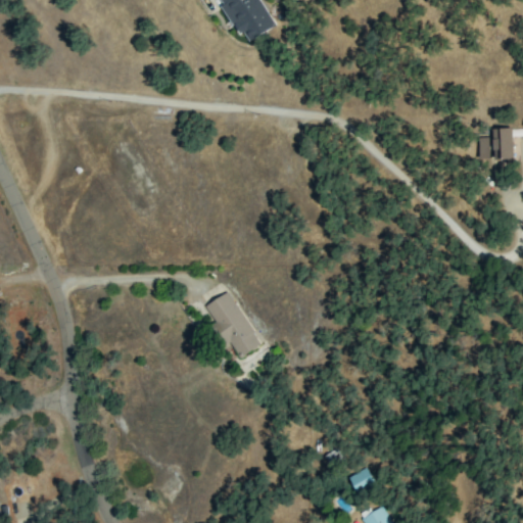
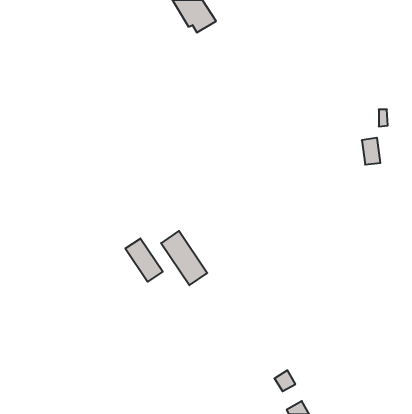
building: [492,127,516,160] -> [362,138,380,165]
building: none -> [125,238,163,282]

